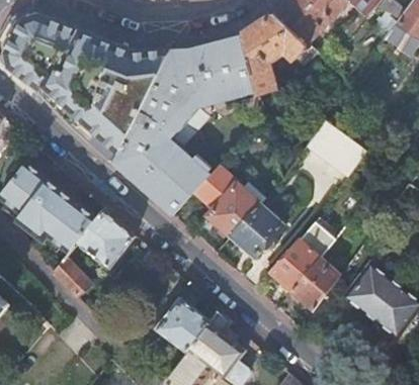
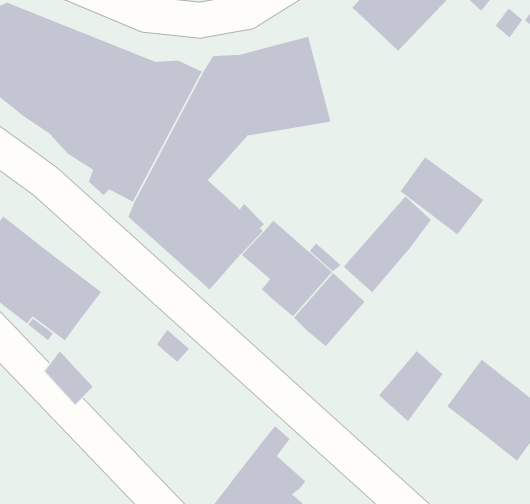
building: [243,13,316,95] -> none
building: [76,207,134,269] -> none
building: [271,220,335,290] -> [343,196,432,293]
building: [156,296,211,353] -> none

